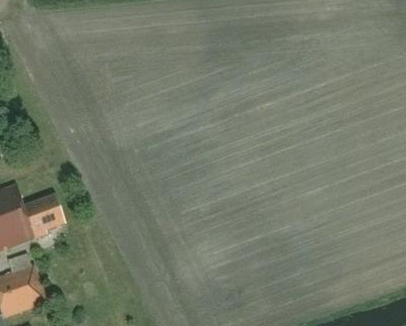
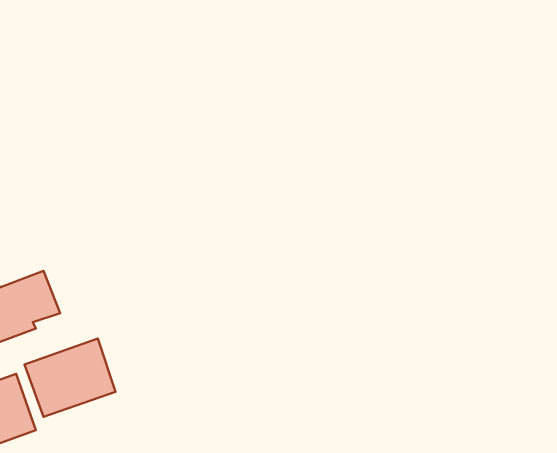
building: none -> [25,339,115,417]

